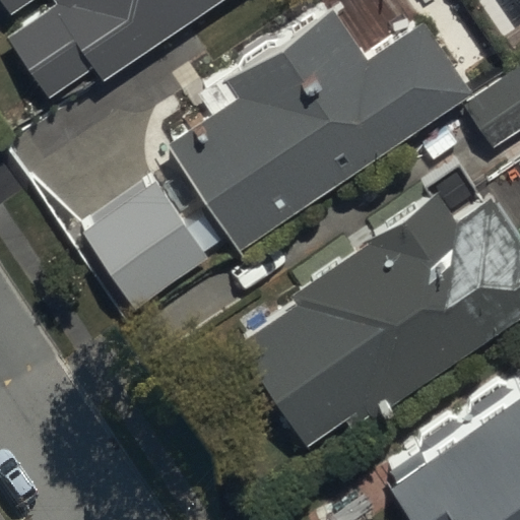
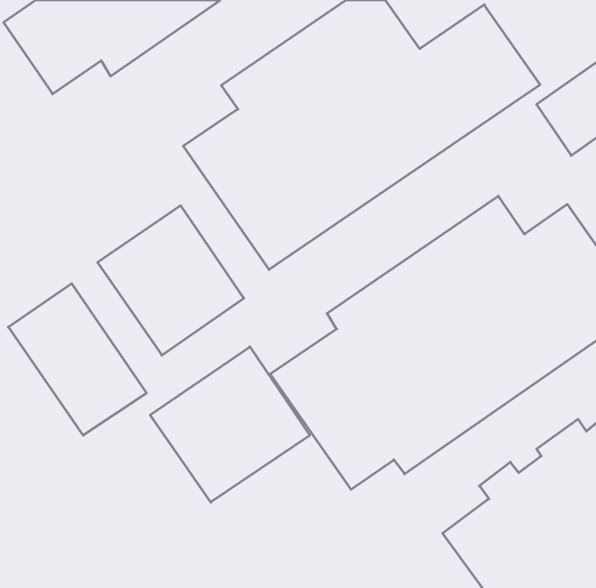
building: none -> [8,284,146,435]
building: none -> [150,347,310,502]

